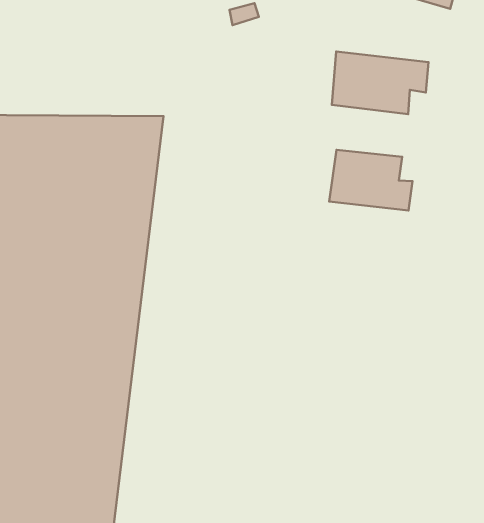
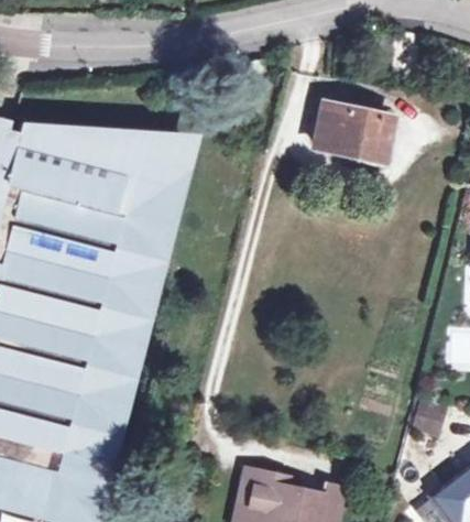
building: [329,150,413,210] -> none

